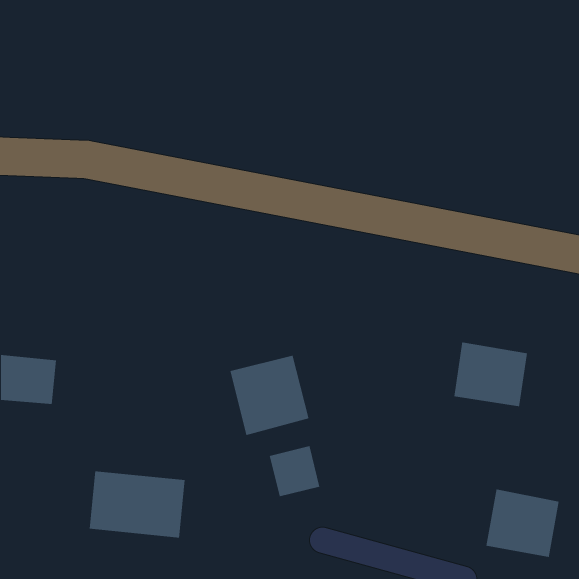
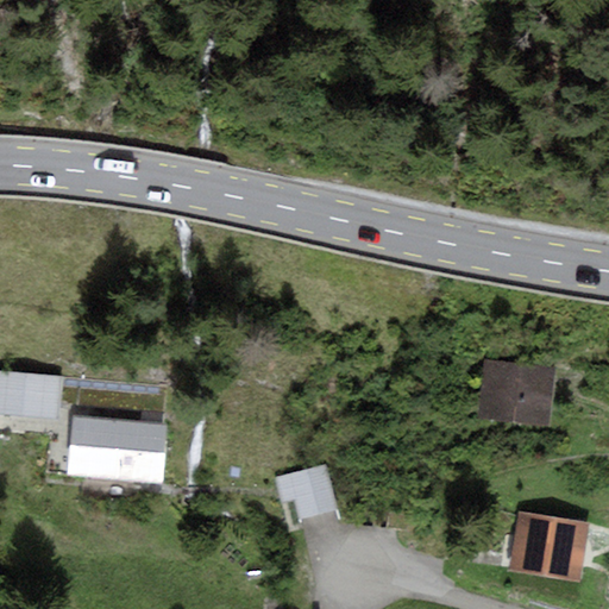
building: [230,355,309,436] -> none
building: [89,471,186,538] -> [67,412,168,482]

